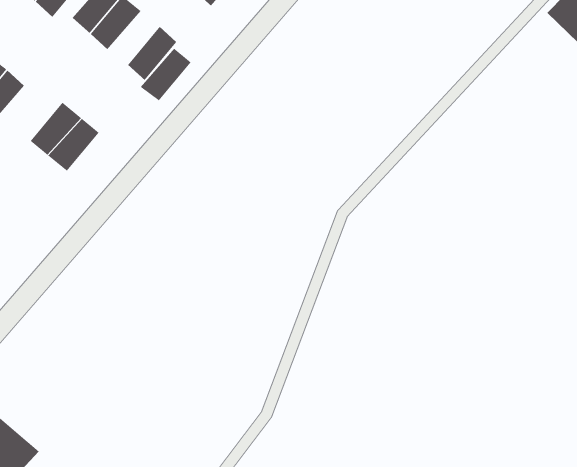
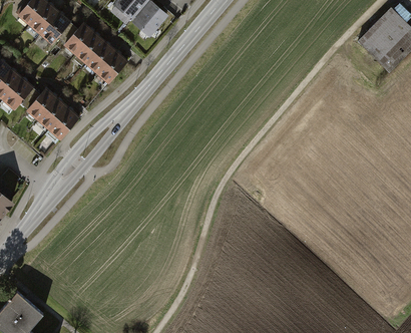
building: [140,48,192,101] -> [84,41,116,74]
building: none -> [24,87,56,121]

